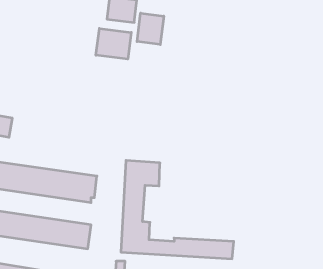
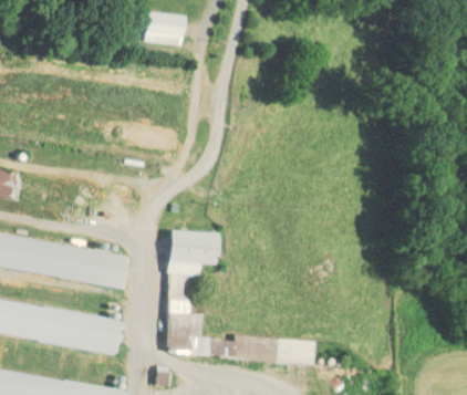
building: [137,13,164,45] -> none
building: [96,28,131,59] -> none

